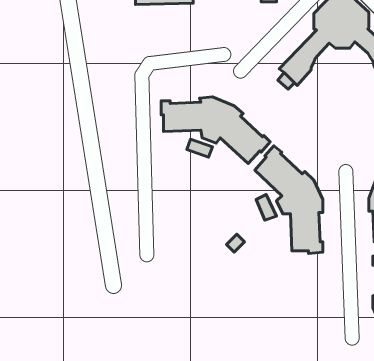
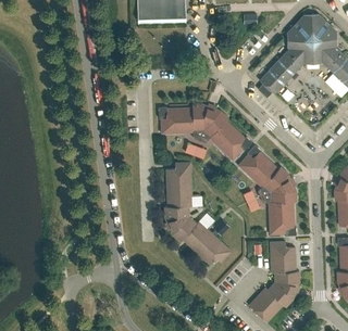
building: none -> [164,162,231,265]
building: none -> [248,241,299,321]

